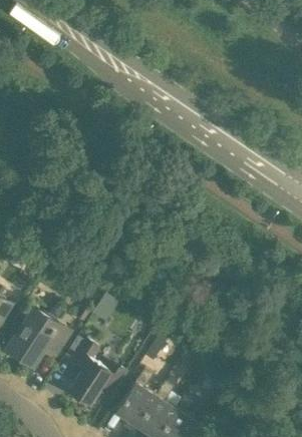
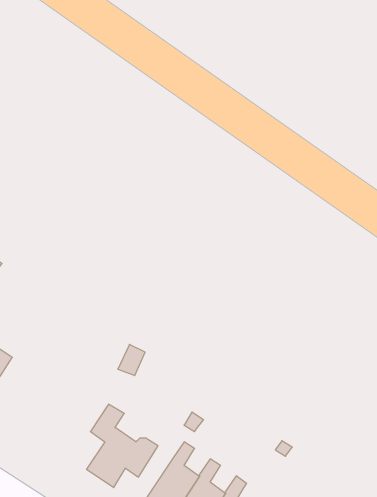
building: [10,312,69,366] -> none

